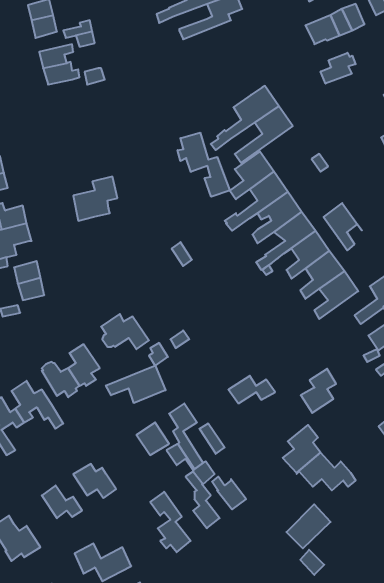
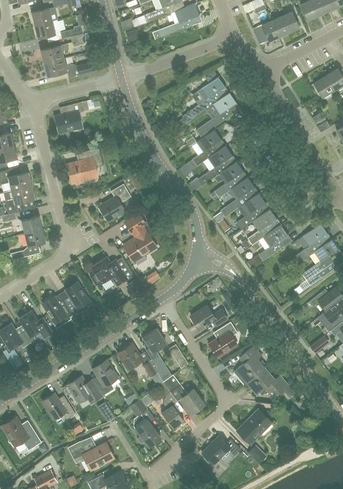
building: [321,53,356,84] -> none
building: none -> [55,100,88,132]
building: [178,133,230,197] -> none
building: [324,203,362,250] -> none
building: none -> [98,183,130,221]
building: none -> [123,214,155,260]
building: [106,366,166,403] -> none
building: [301,369,336,413] -> [209,321,237,356]
building: none -> [92,360,117,396]
building: none -> [201,436,240,464]

